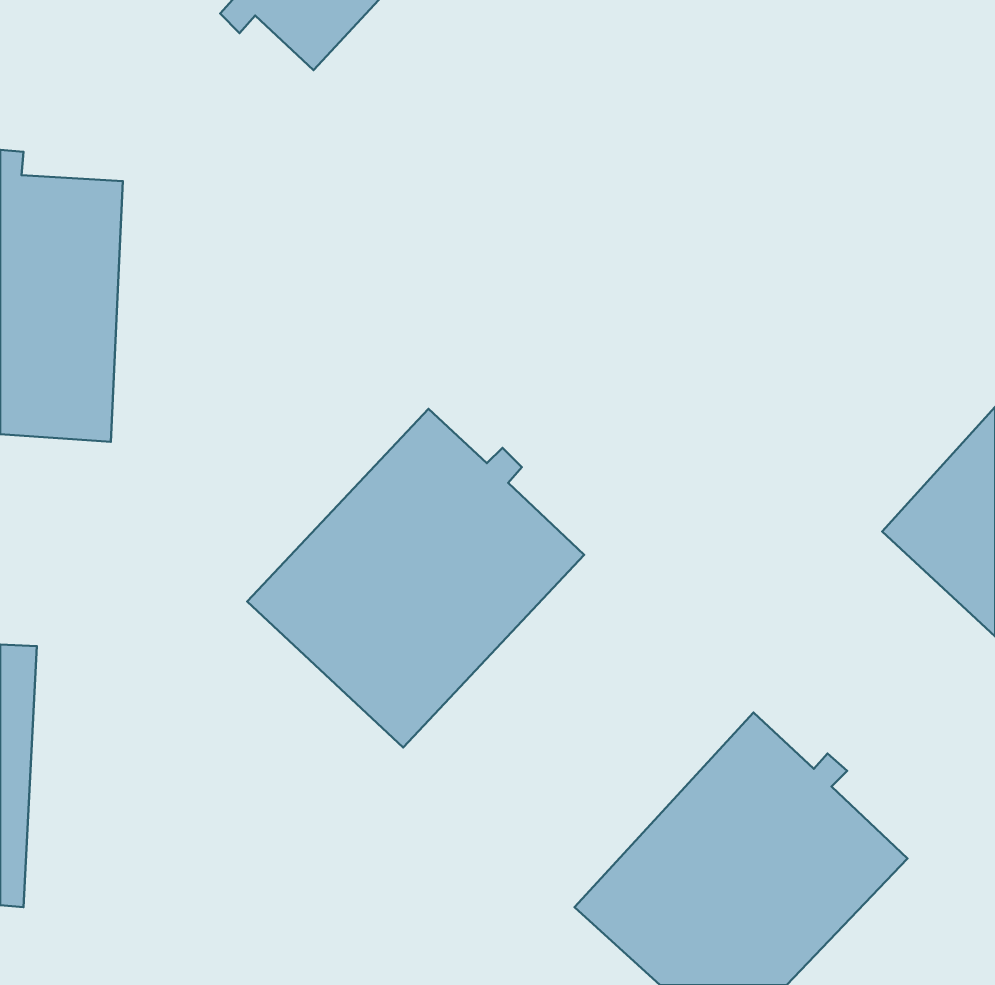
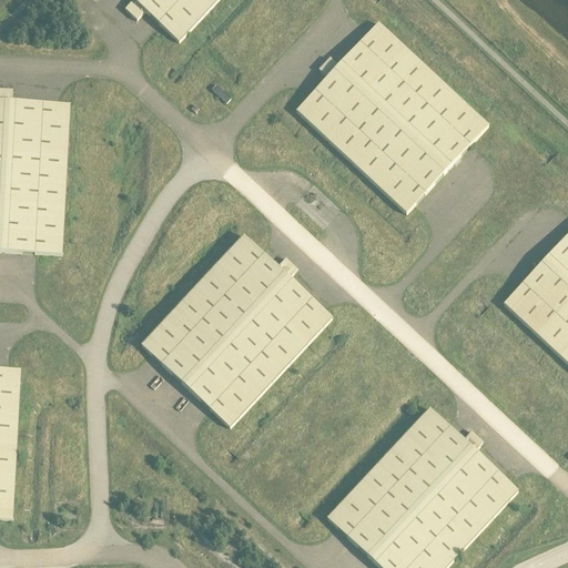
building: none -> [296,20,489,212]

